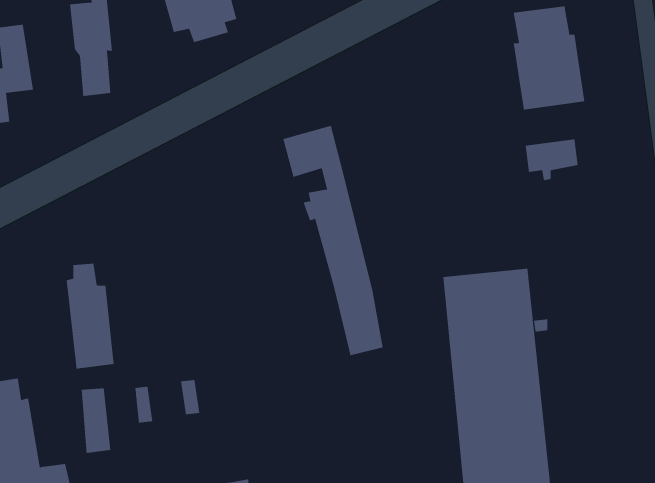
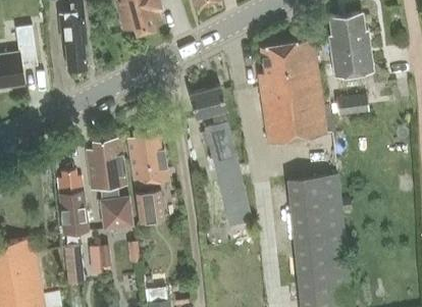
building: none -> [258,40,327,144]
building: none -> [128,129,169,220]
building: none -> [87,139,128,225]

